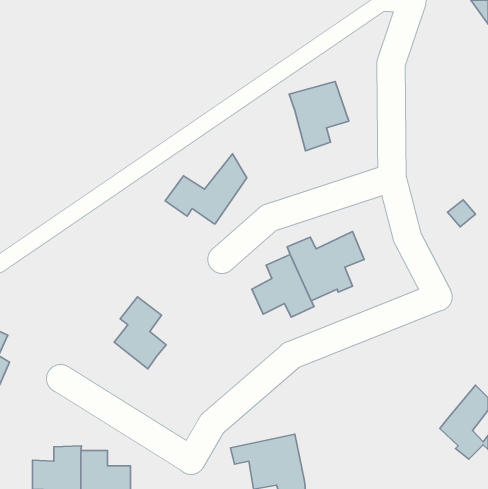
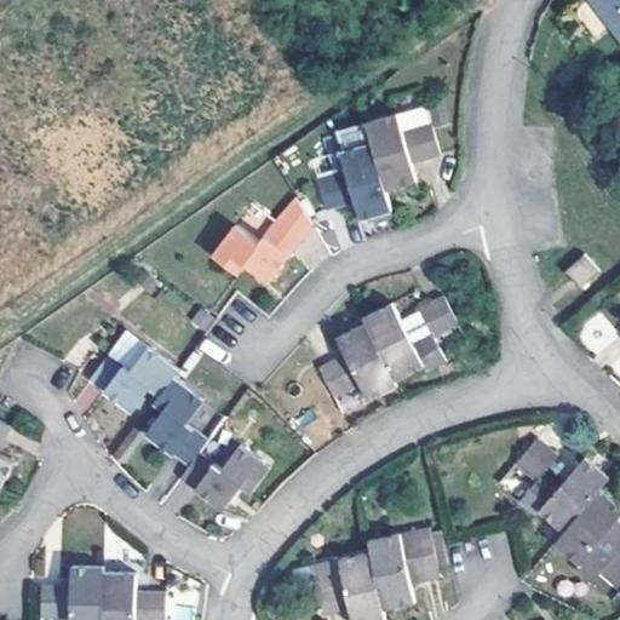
building: none -> [314,142,391,222]
building: none -> [86,331,177,413]
building: none -> [513,436,608,533]
building: none -> [178,444,271,511]
building: none -> [369,527,438,609]

